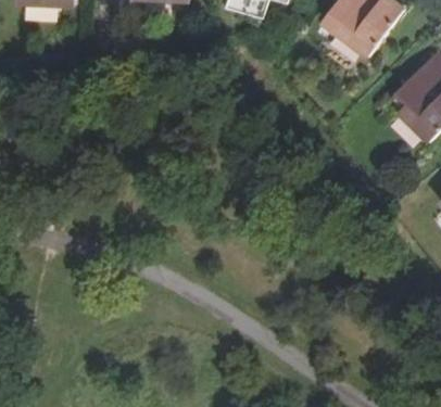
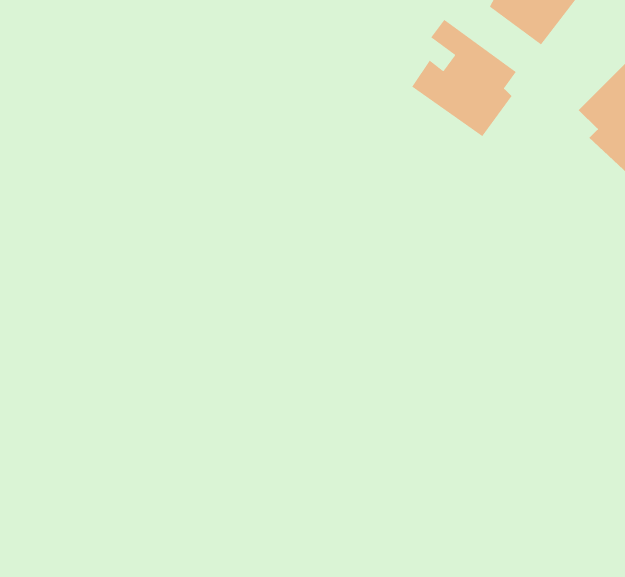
building: none -> [411,19,517,137]

